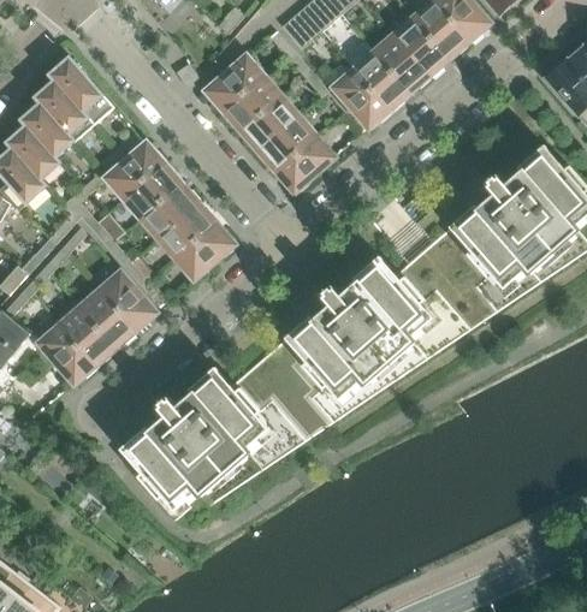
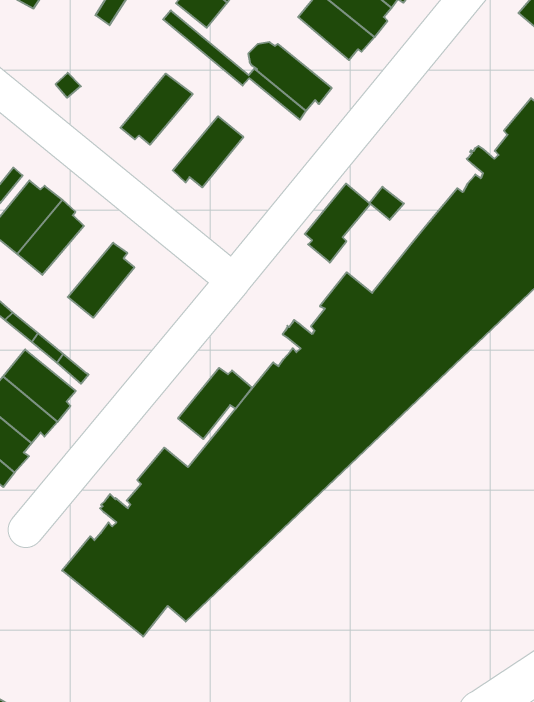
building: [355,52,408,111] -> none
building: [208,57,265,114] -> none
building: [243,97,300,154] -> none
building: [278,137,332,196] -> [305,184,370,263]
building: [143,185,202,238] -> none
building: [177,224,238,277] -> [178,368,252,439]

